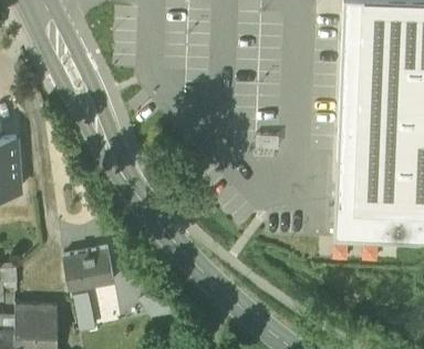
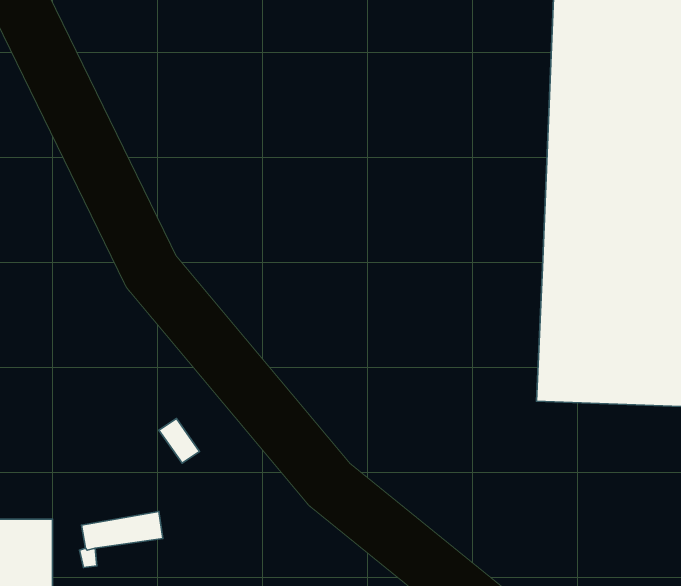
building: [64,250,113,290] -> none

